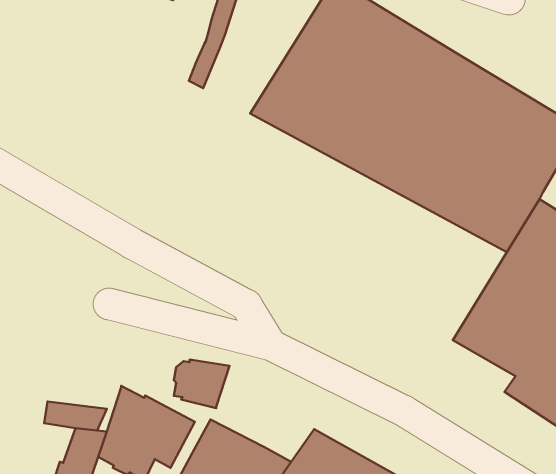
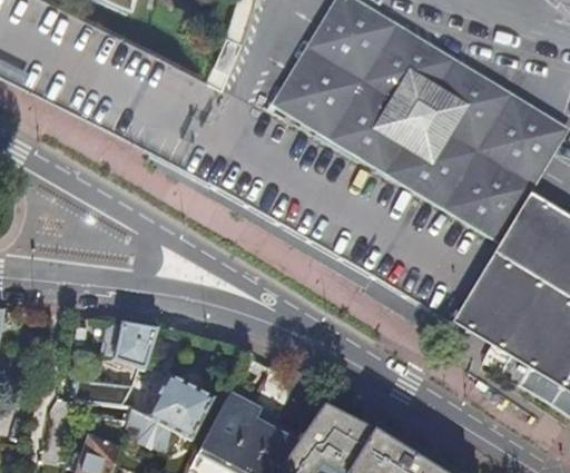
building: [174,360,229,408] -> [107,323,158,367]

